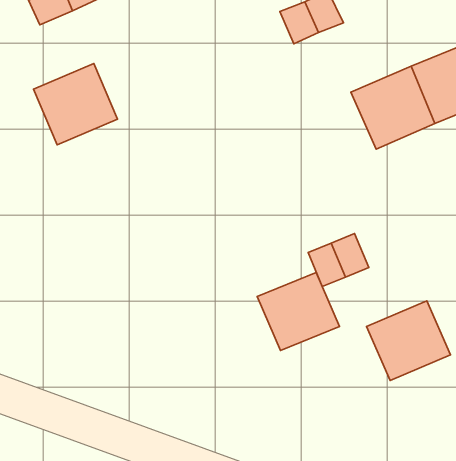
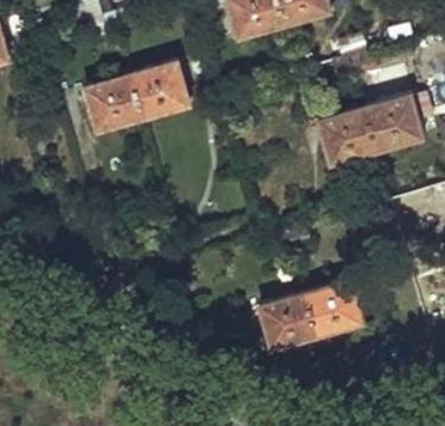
building: none -> [130,63,189,120]
building: [257,273,339,351] -> [260,296,317,349]

